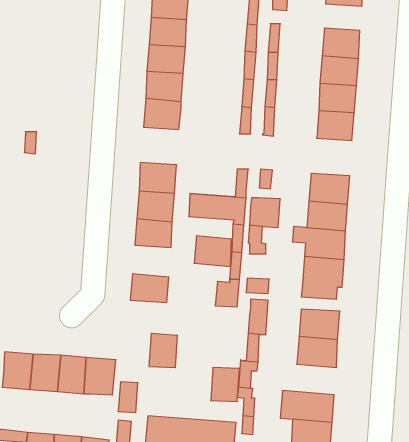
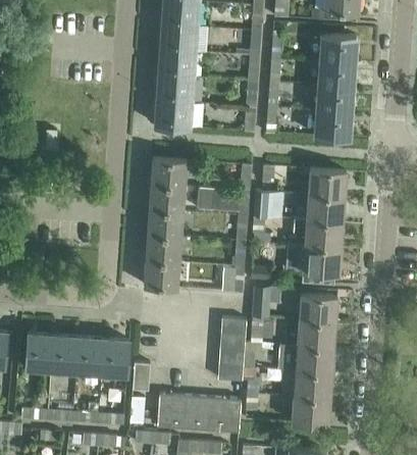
building: [194,236,232,267] -> [145,236,179,264]
building: [149,333,178,368] -> [219,317,246,349]
building: none -> [295,345,333,373]

